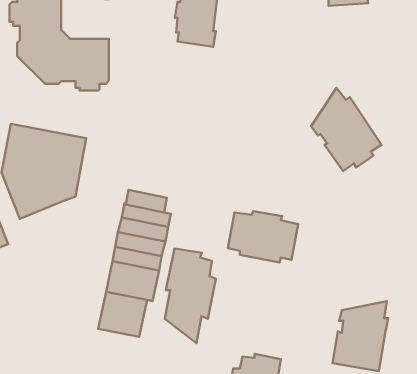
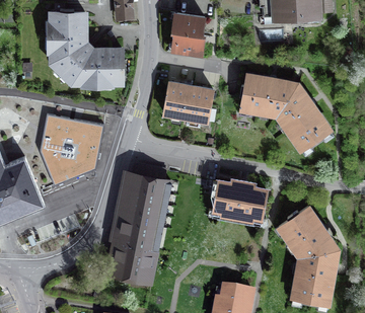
building: none -> [239,74,295,115]
building: none -> [163,82,212,128]
building: none -> [281,206,334,256]
building: [165,248,216,343] -> none

